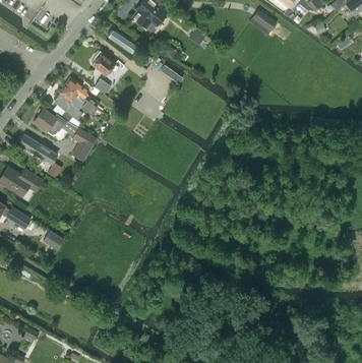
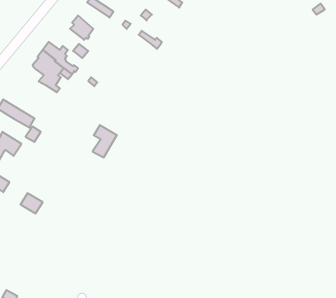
building: [33,109,67,135] -> none
building: [71,128,96,161] -> [93,125,117,157]

